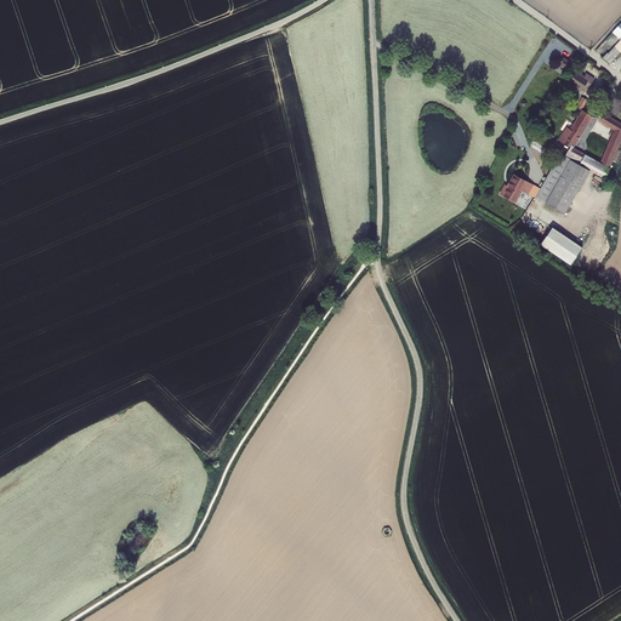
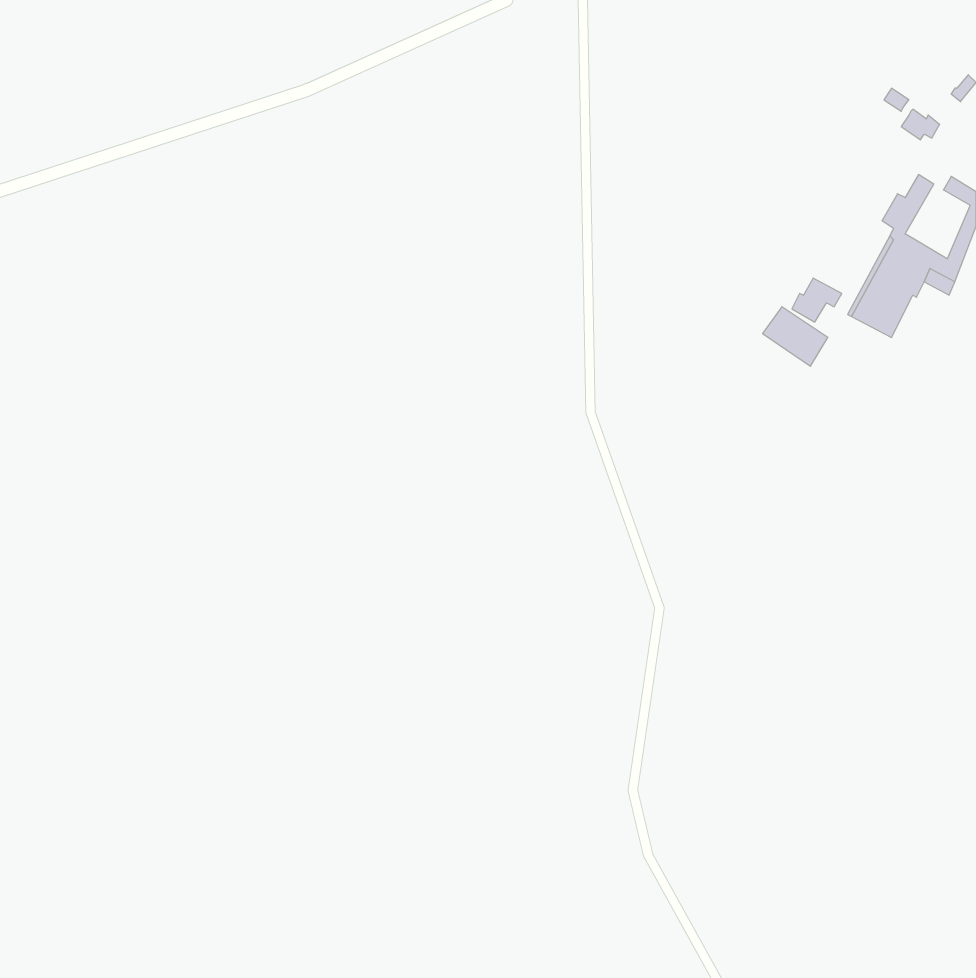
building: [542,228,583,266] -> [763,307,828,366]

